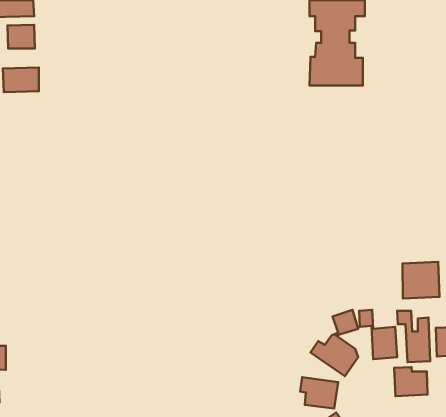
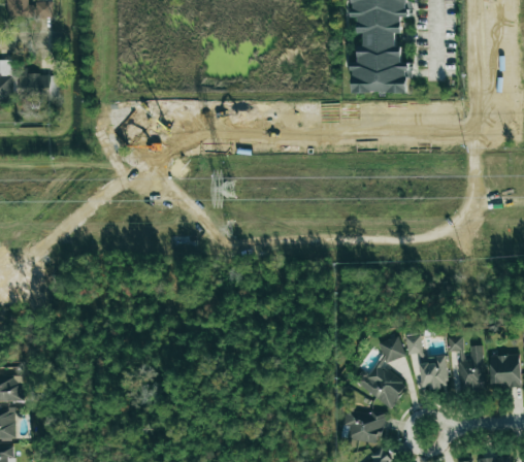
building: [8,25,35,48] -> none
building: [403,262,440,298] -> none
building: [394,367,428,396] -> none

